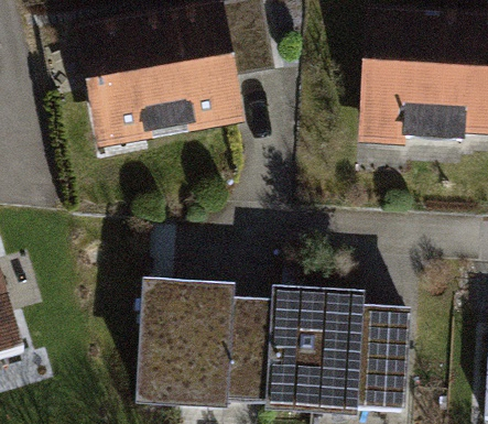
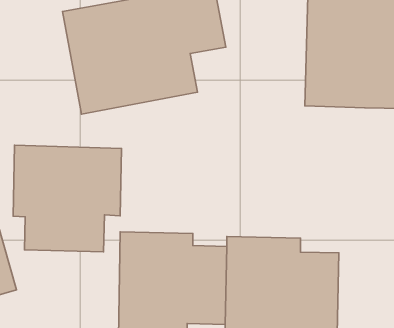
building: none -> [13,145,122,252]

